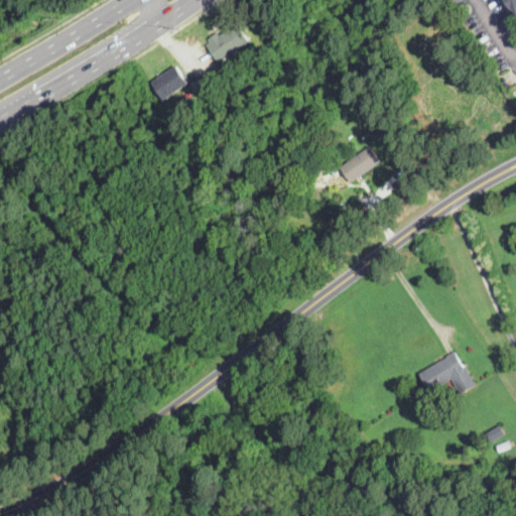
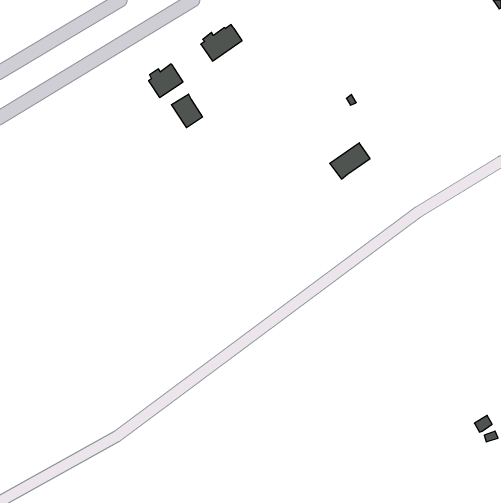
building: none -> [171,94,203,128]
building: [419,351,476,394] -> none

